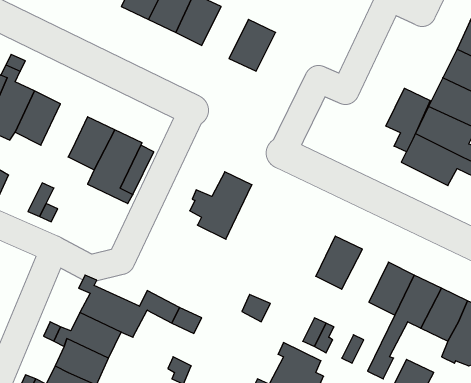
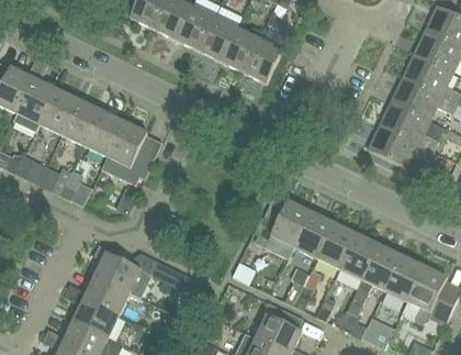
building: none -> [198,16,237,60]
building: none -> [244,38,282,84]
building: [386,88,430,152] -> none
building: none -> [61,99,101,144]
building: [190,172,252,239] -> [258,200,311,257]
building: none -> [316,222,356,267]

